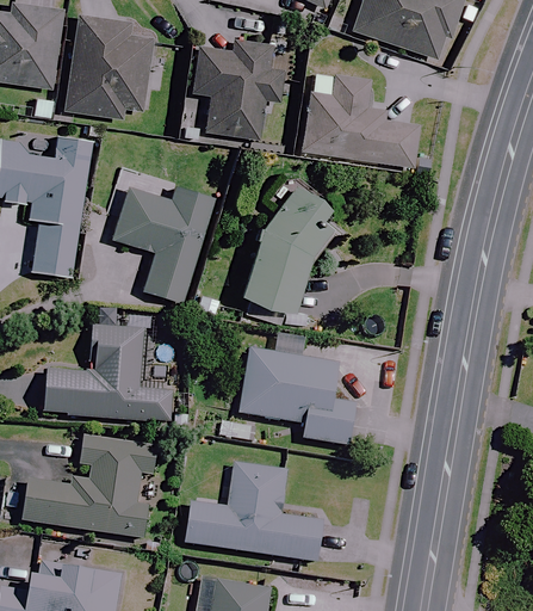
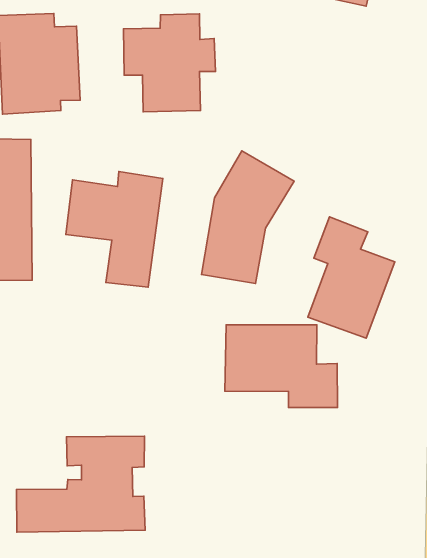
building: [302,72,419,165] -> none
building: none -> [308,217,395,338]
building: [42,325,174,424] -> none
building: [185,461,326,562] -> none

